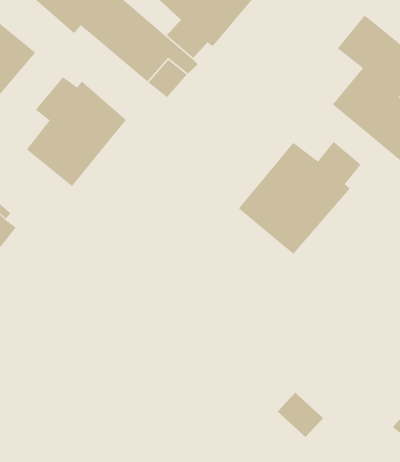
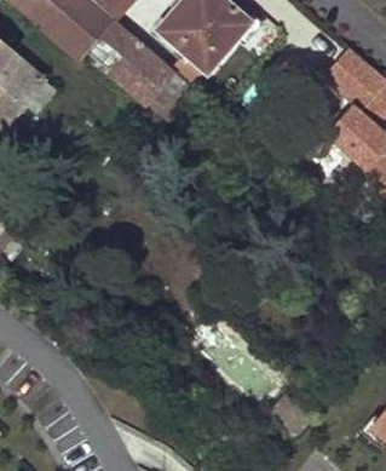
building: [26,76,127,187] -> none
building: [238,141,362,255] -> none

